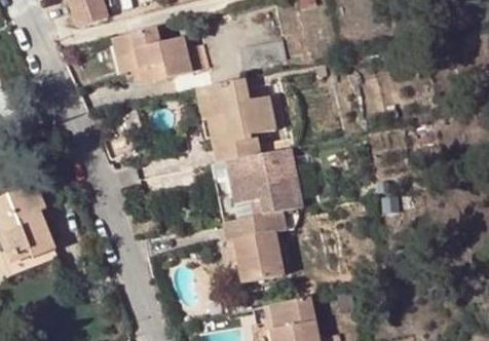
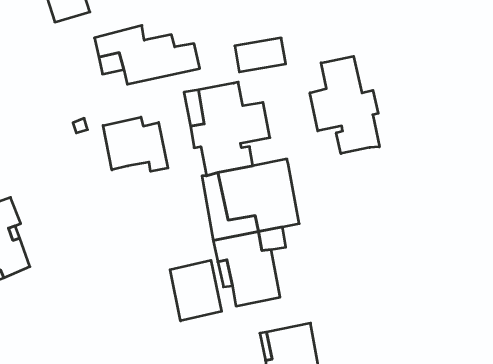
building: none -> [310,56,379,154]
building: none -> [103,117,168,171]
building: none -> [170,260,222,321]

